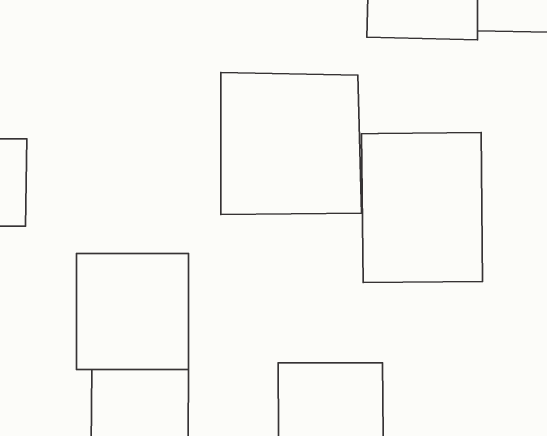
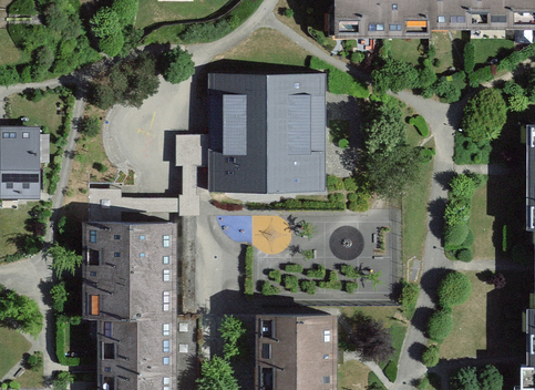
building: [362,133,482,283] -> none

